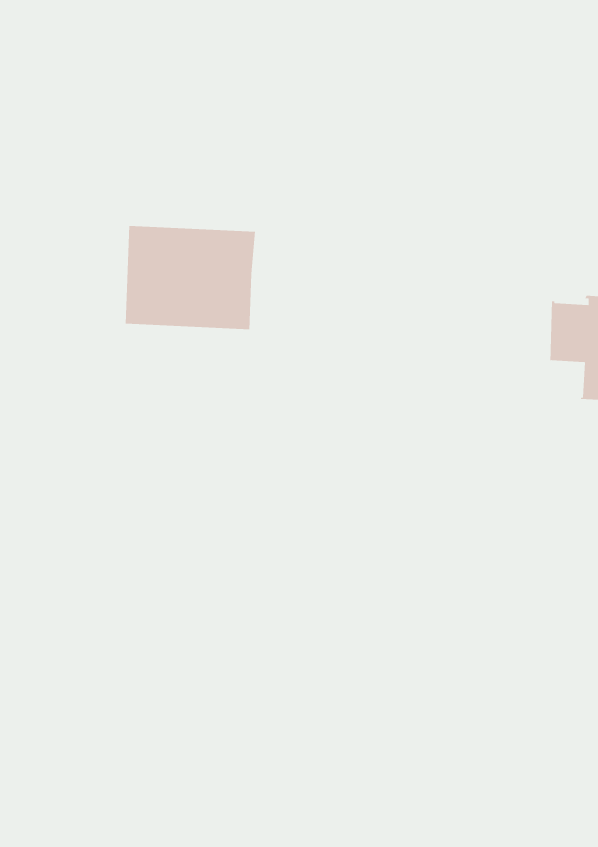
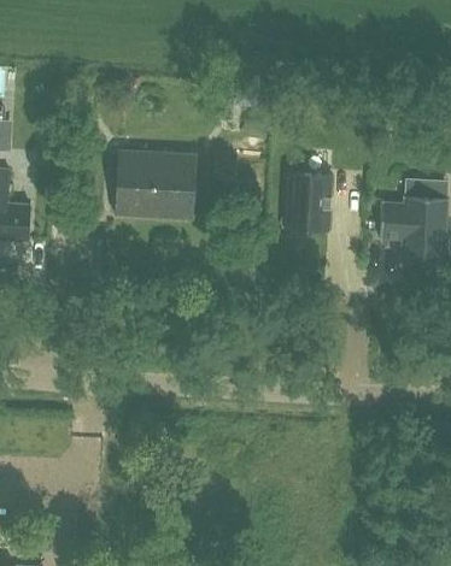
building: none -> [285,172,332,228]

